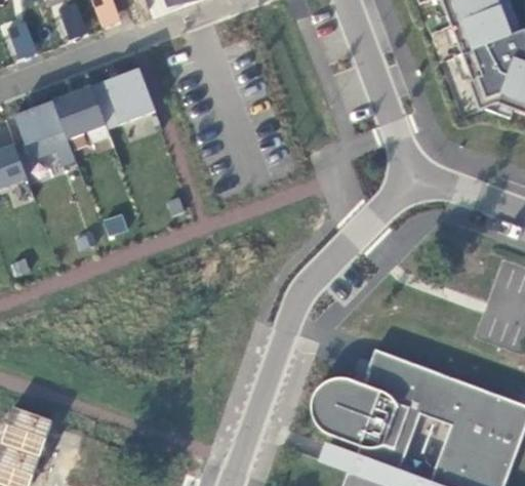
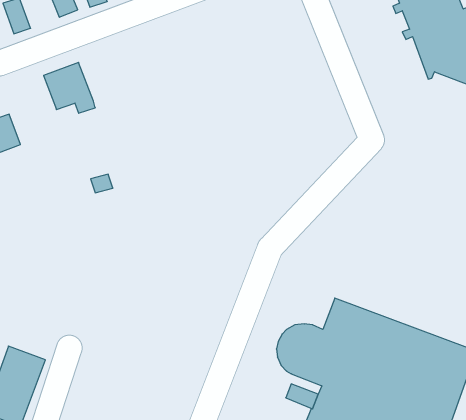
building: [90,69,154,130] -> none
building: [13,102,74,166] -> none

